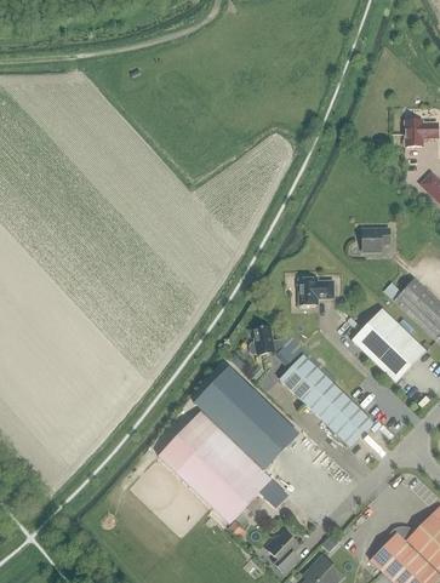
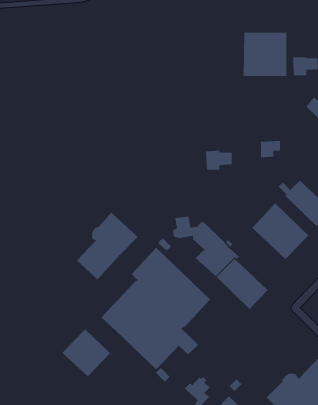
building: none -> [243,32,287,77]
building: [298,278,333,304] -> [205,150,233,171]
building: none -> [76,212,139,280]
building: none -> [61,328,111,377]

